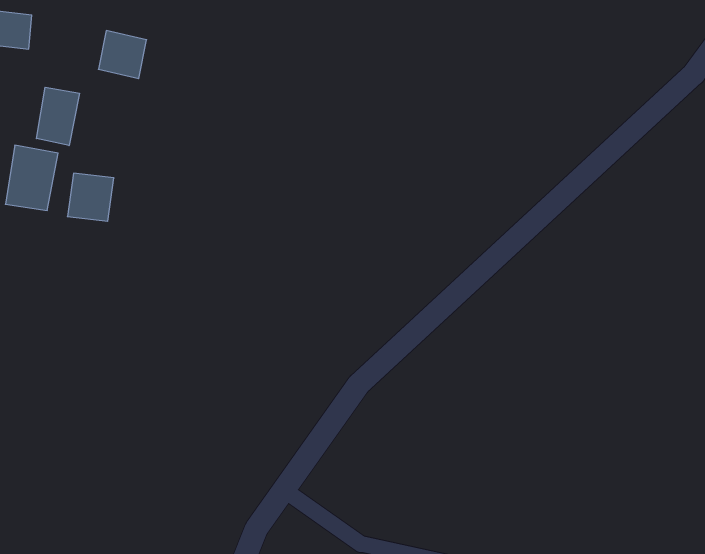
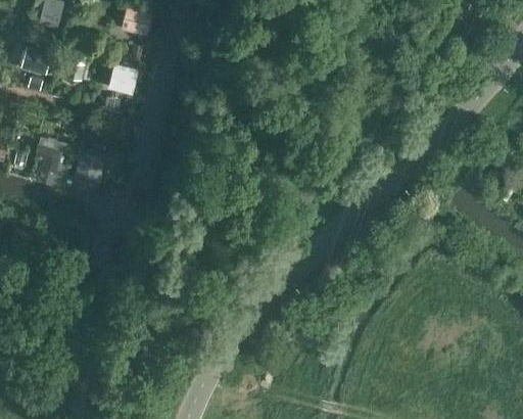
building: [36,87,79,146] -> none

